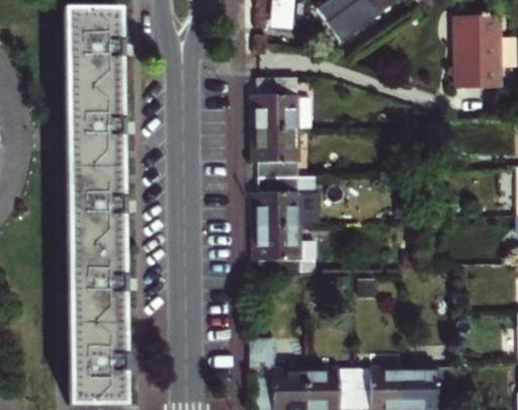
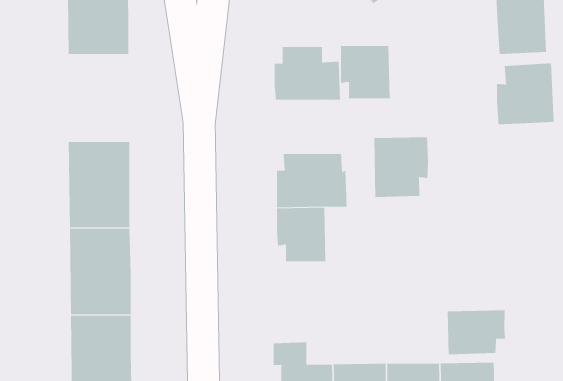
building: [67,87,123,166] -> none
building: none -> [496,62,554,125]
building: [255,129,300,177] -> [340,45,390,99]
building: none -> [374,137,429,198]
building: none -> [447,310,506,355]

